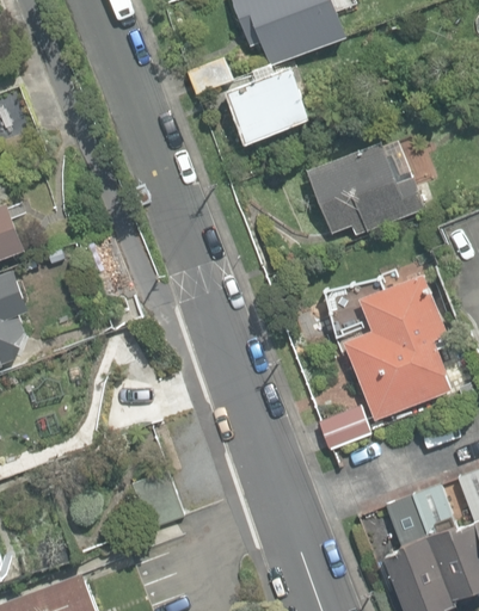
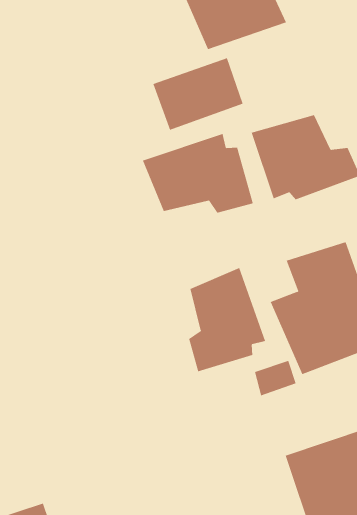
building: none -> [142,133,254,213]
building: none -> [189,267,266,372]

